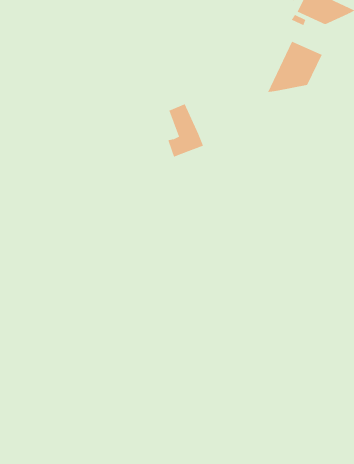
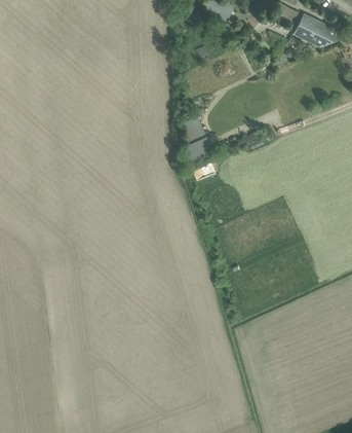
building: [267,41,323,93] -> none

